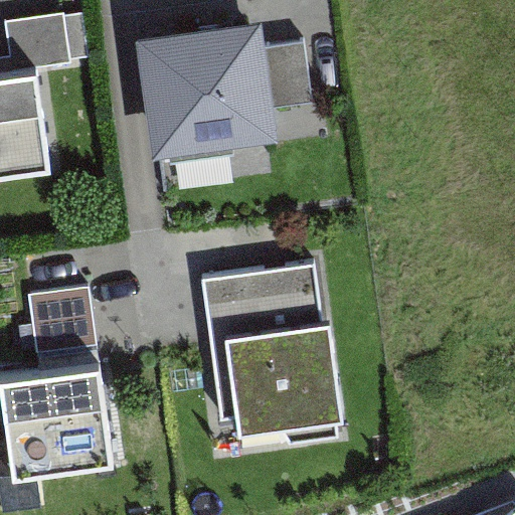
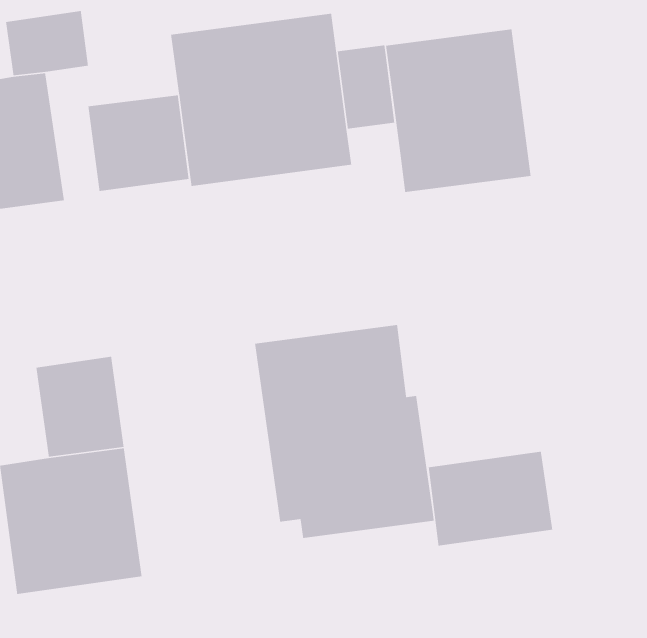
building: none -> [385,29,531,193]
building: none -> [87,95,190,192]
building: none -> [428,451,553,546]

